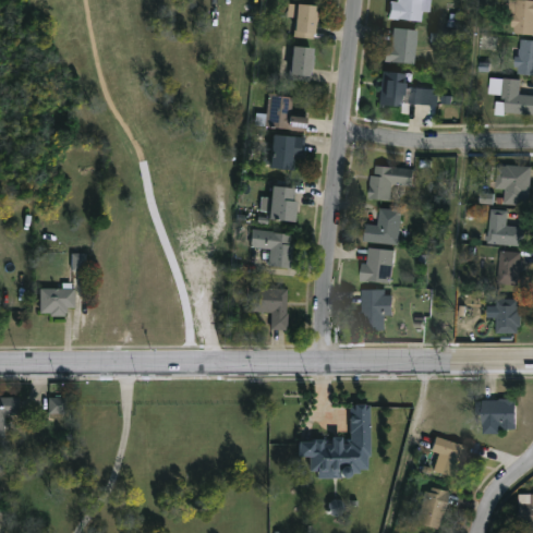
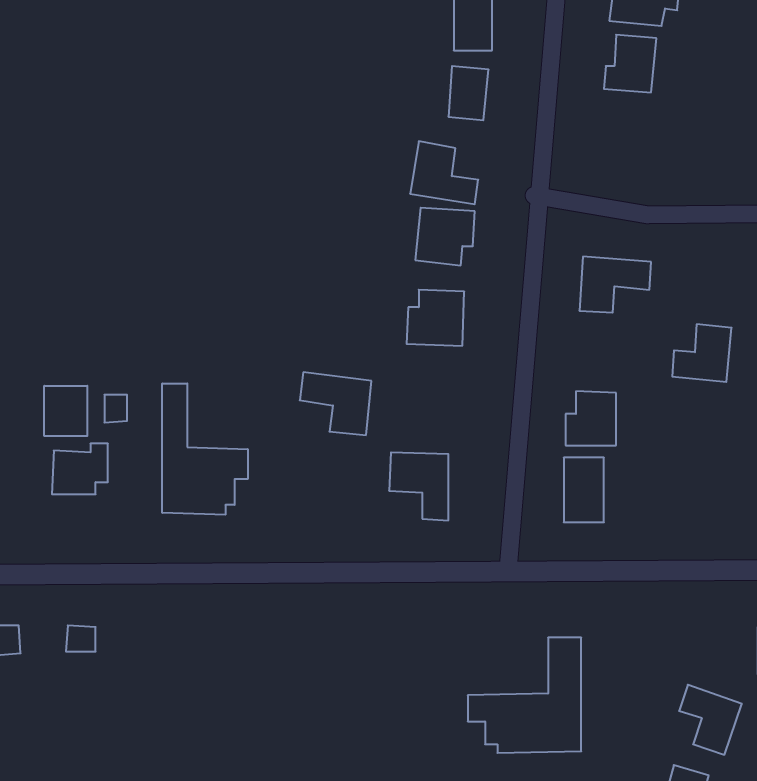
building: [380,72,440,106] -> none
building: [364,209,401,245] -> [672,324,732,382]
building: [250,229,294,268] -> [300,372,371,435]
building: none -> [162,383,248,515]
building: none -> [44,386,87,436]

